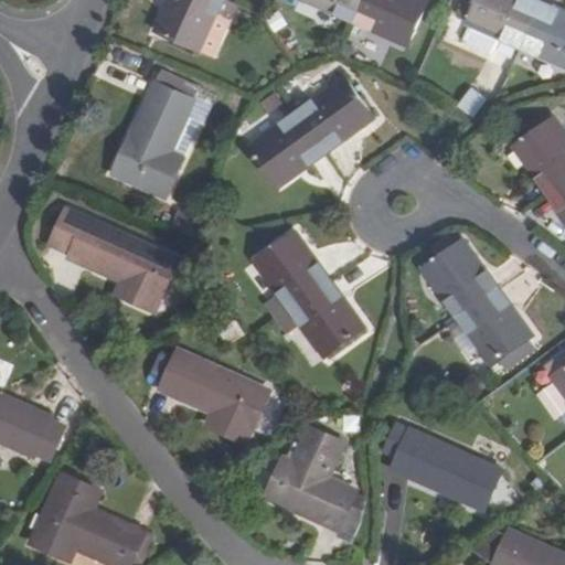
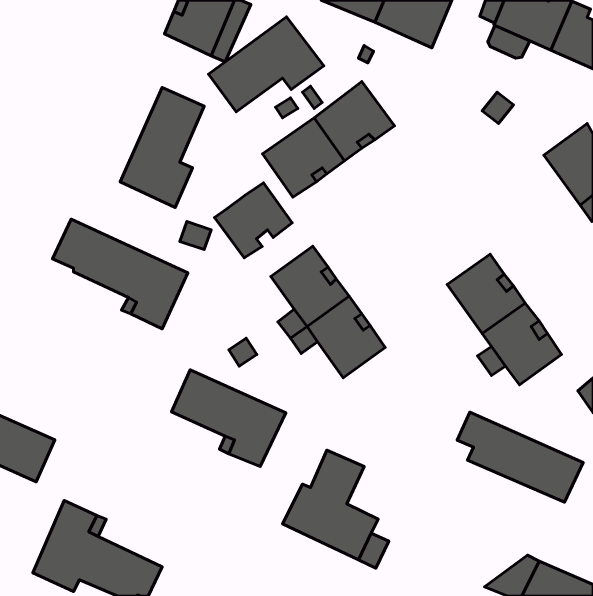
building: none -> [209,17,324,112]
building: none -> [214,183,292,258]
building: [383,424,502,509] -> [457,412,583,502]

